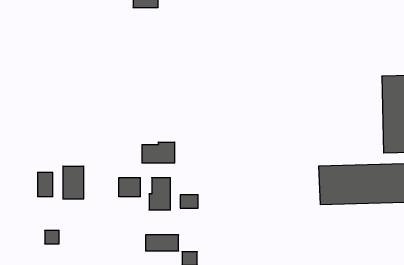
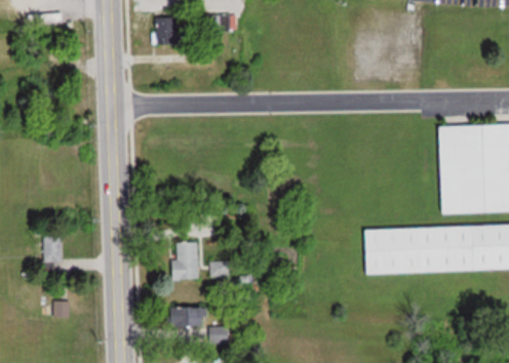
building: [142,142,175,163] -> none
building: [63,166,84,199] -> none
building: [119,178,140,197] -> none

